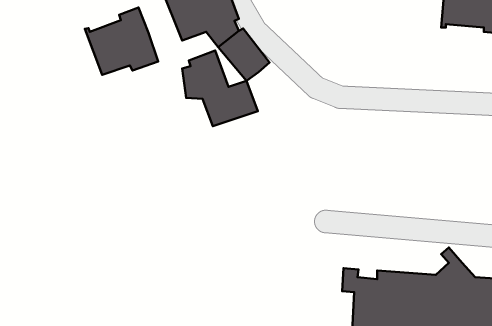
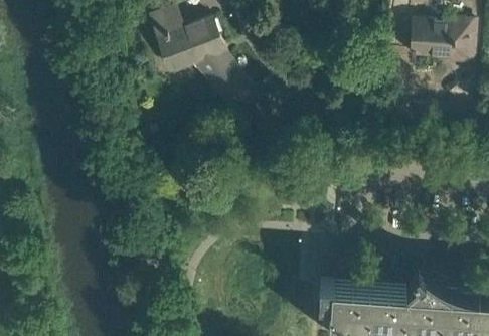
building: [85,7,158,75] -> none
building: [182,50,258,126] -> none

